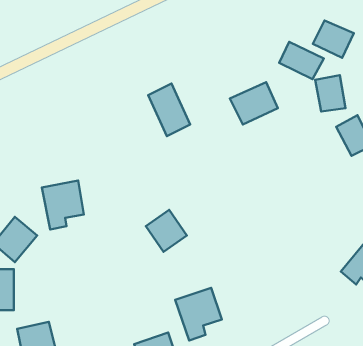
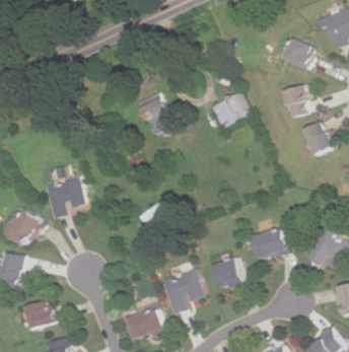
building: [279,42,324,79] -> none
building: none -> [253,227,289,261]
building: none -> [211,257,243,291]

